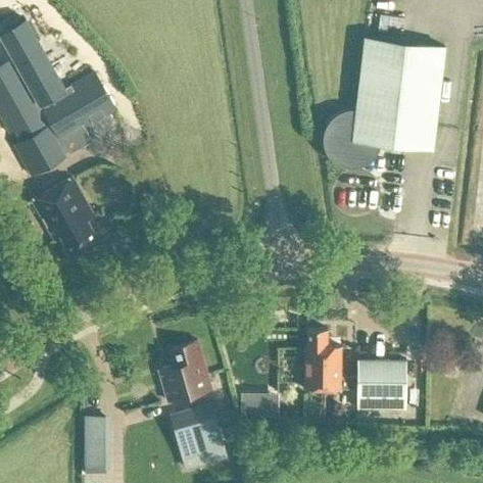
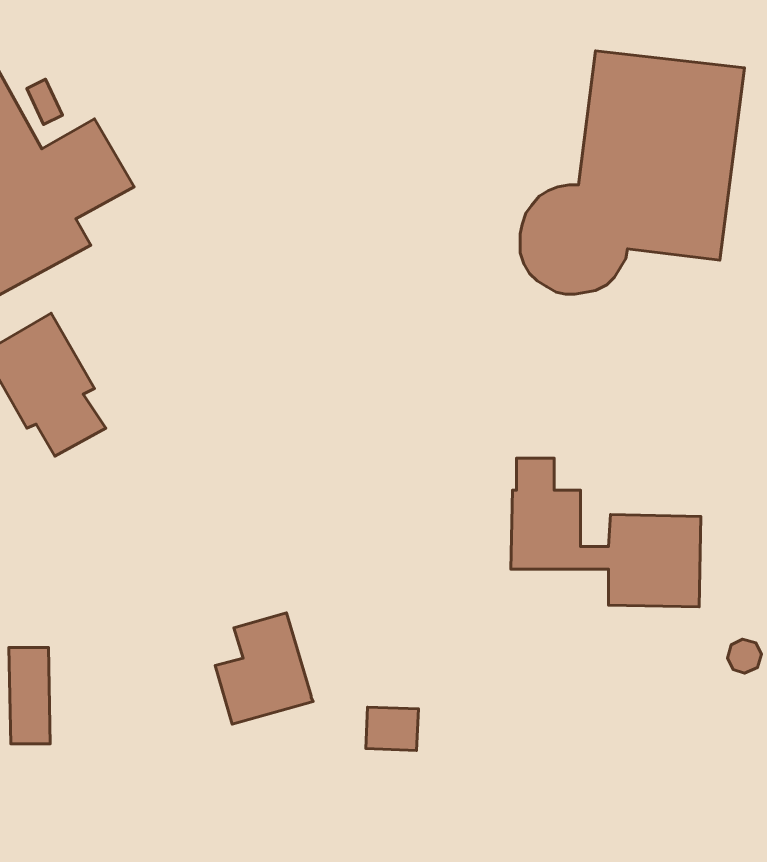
building: [304,330,407,410] -> [511,458,701,607]
building: [172,404,228,471] -> none
building: [84,419,106,471] -> [9,648,50,744]

